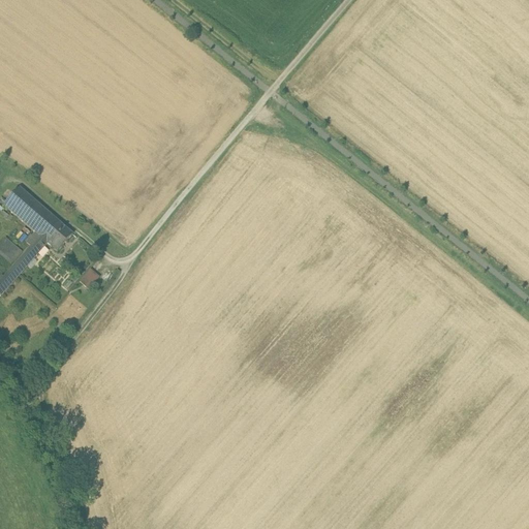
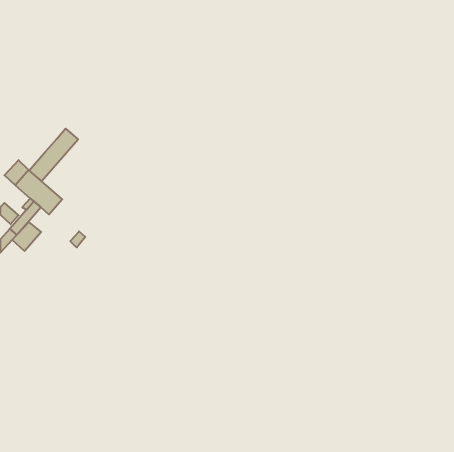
building: none -> [29,129,78,181]
building: none -> [12,222,41,251]

